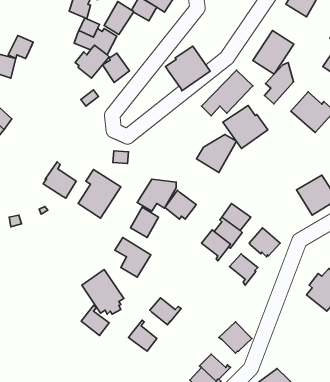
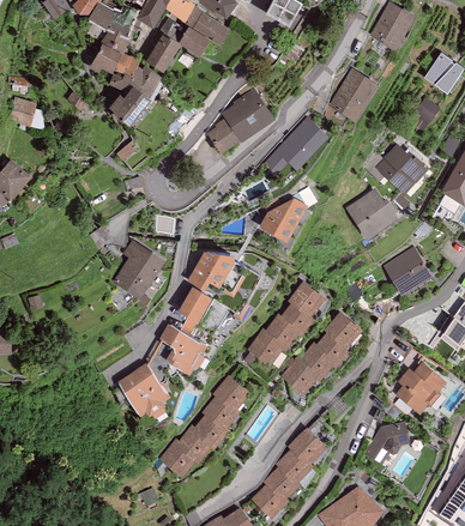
building: [8,35,33,59] -> [90,44,121,73]
building: [102,53,130,82] -> [206,119,240,155]
building: [264,62,293,104] -> none
building: [223,106,268,148] -> [344,188,399,241]
building: [43,162,76,198] -> none
building: [165,190,196,219] -> [247,328,285,364]
building: none -> [316,333,351,369]
building: none -> [280,357,319,395]
building: none -> [212,375,250,412]
building: [81,305,109,336] -> [159,440,194,477]
building: none -> [191,416,230,451]
building: none -> [363,422,410,465]
building: none -> [274,449,313,484]

